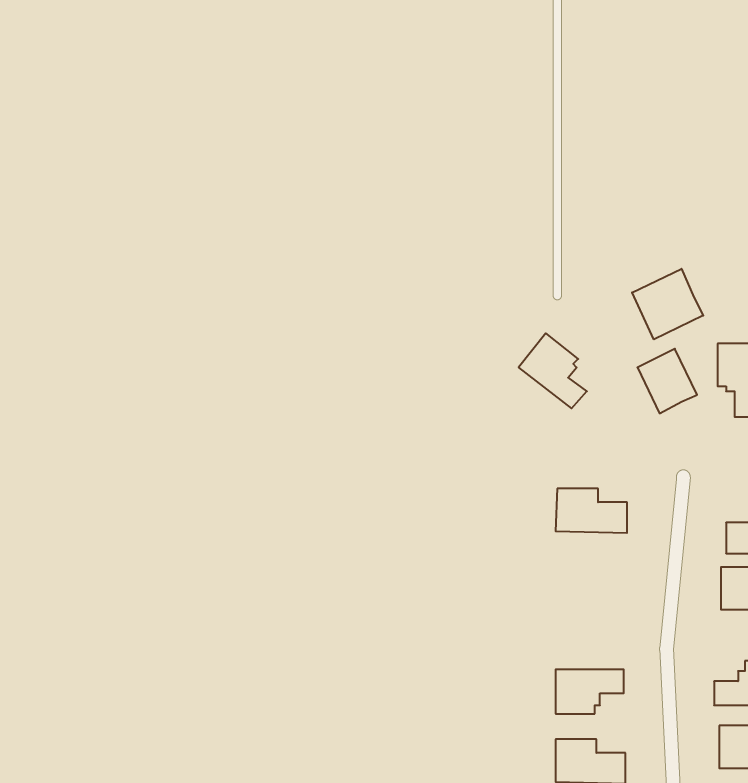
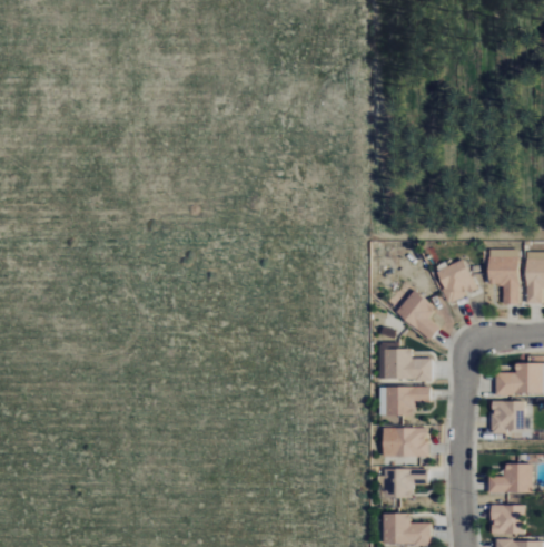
building: [632,269,703,339] -> none
building: [519,333,587,408] -> [396,291,441,340]
building: none -> [385,387,429,417]
building: none -> [394,428,427,457]

